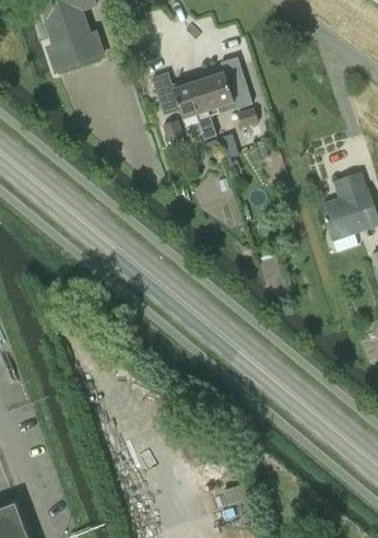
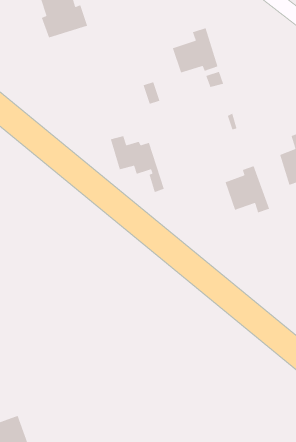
building: [153,74,216,141] -> [110,135,165,193]
building: none -> [225,165,270,214]

